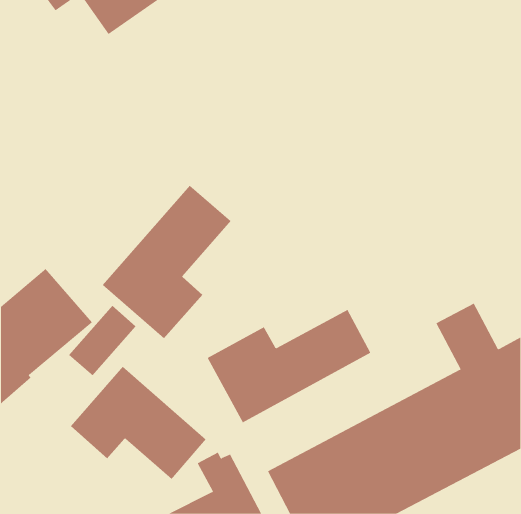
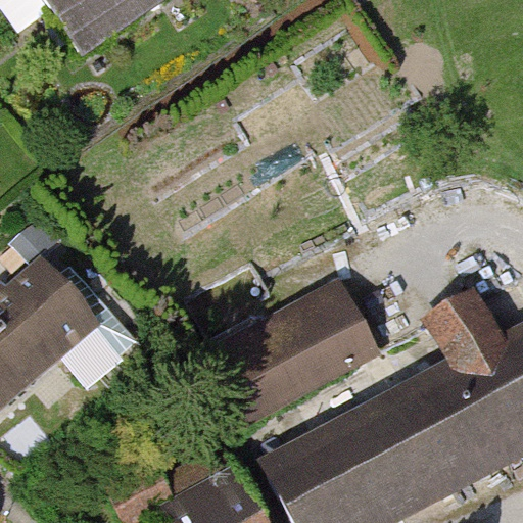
building: [102,185,231,339] -> none
building: [70,366,206,480] -> none

